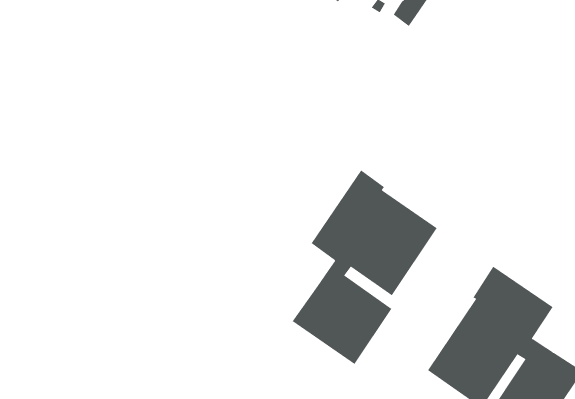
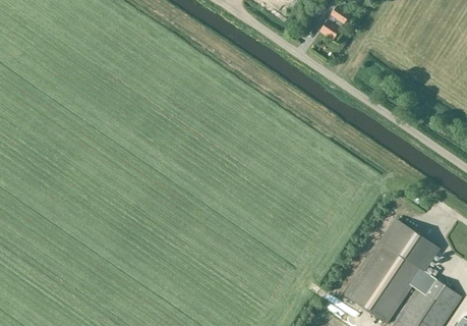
building: [292,170,438,365] -> none

